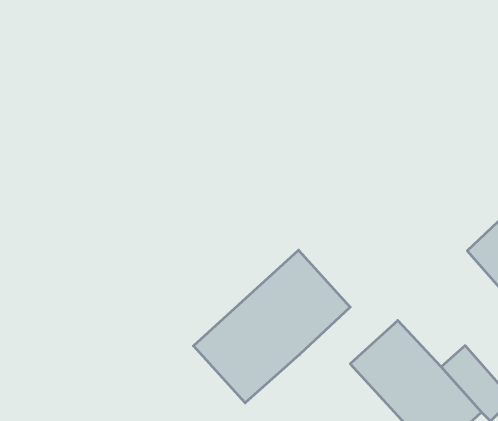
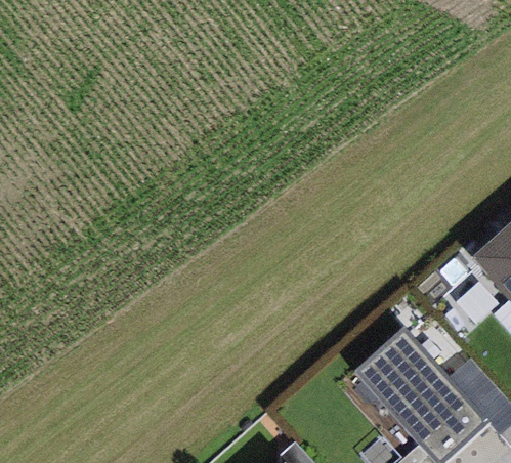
building: [193,250,350,403] -> none

